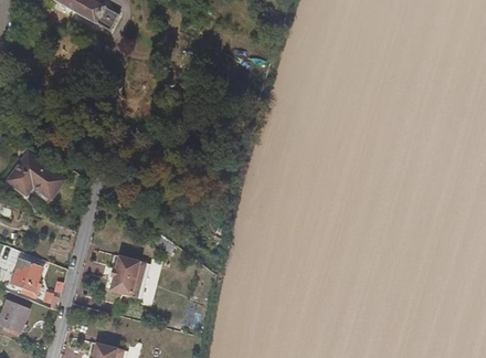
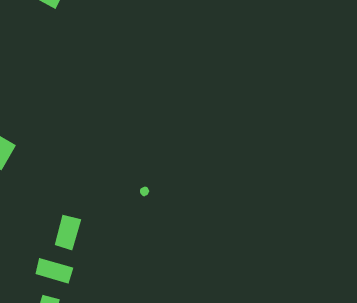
building: none -> [35,257,74,285]

